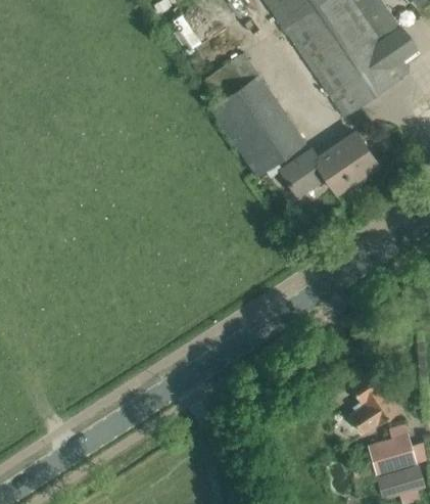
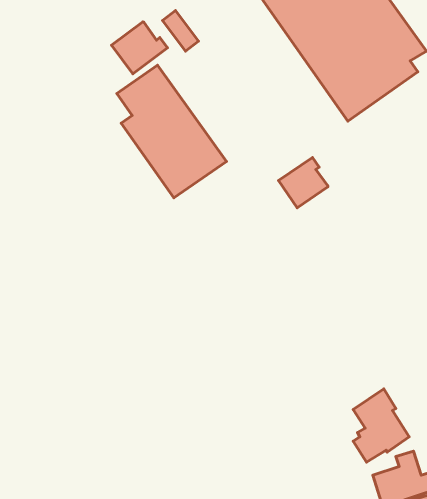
building: none -> [112,22,167,74]
building: [203,52,305,176] -> [117,65,226,198]
building: [315,133,377,192] -> none

